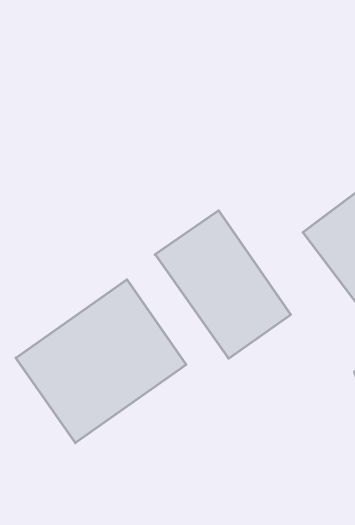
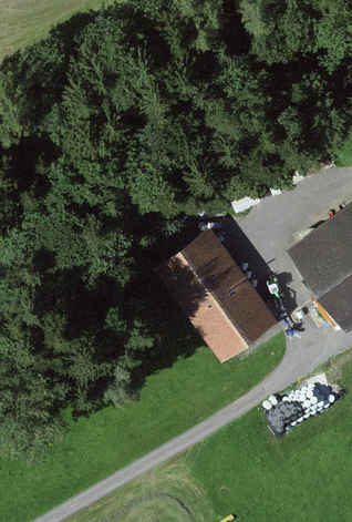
building: [16,280,186,443] -> none

